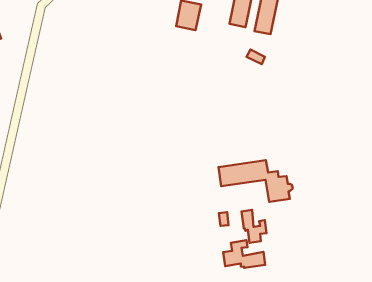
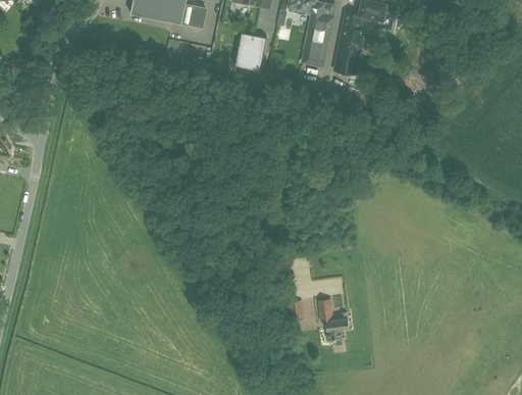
building: [219,160,293,202] -> none
building: [223,240,265,268] -> none

